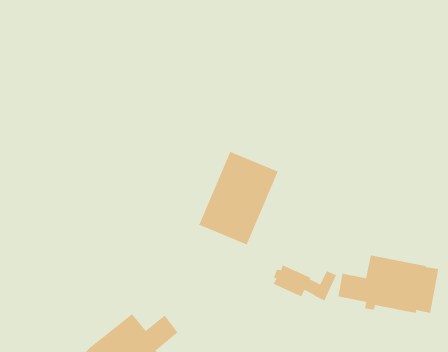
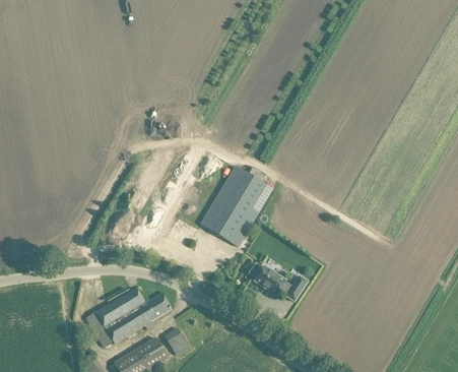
building: [338,255,439,314] -> none

